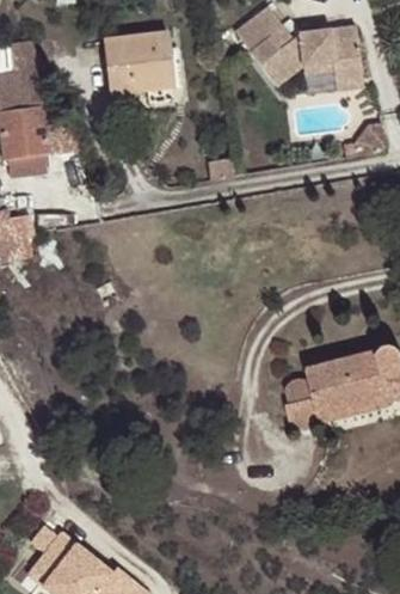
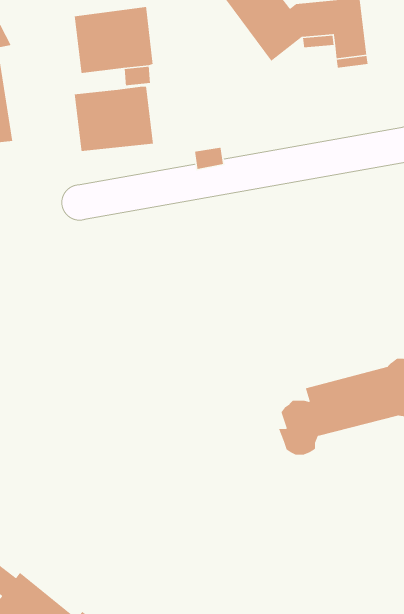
building: none -> [74,86,154,152]

